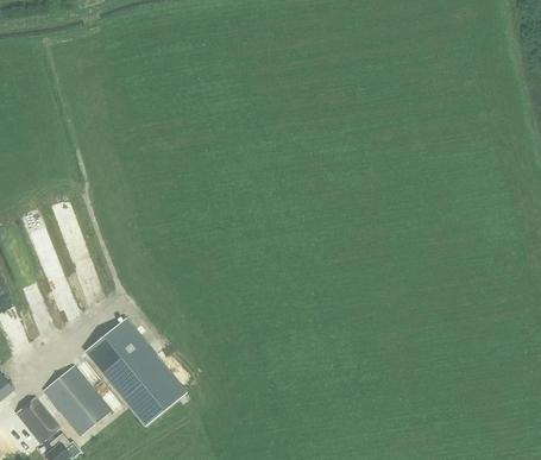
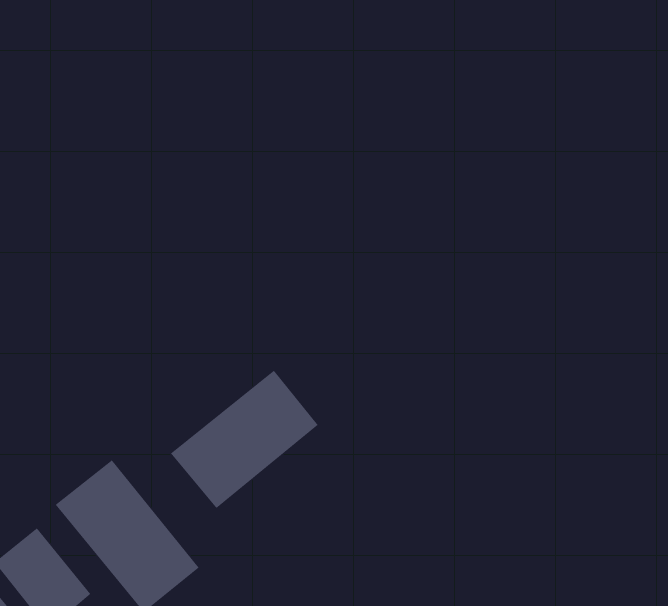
building: none -> [170,370,319,509]

